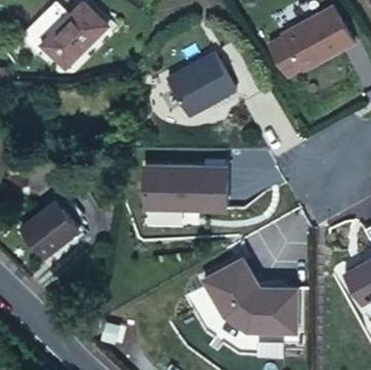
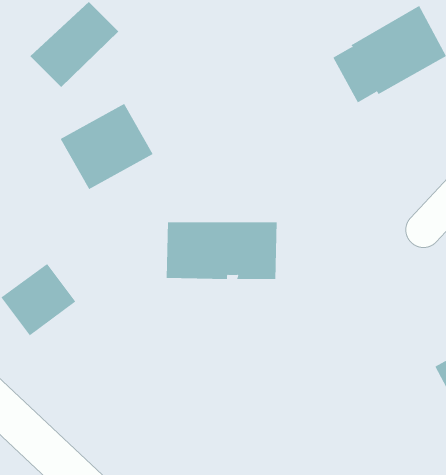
building: [166,52,236,117] -> [60,103,154,190]
building: [203,258,297,334] -> none

